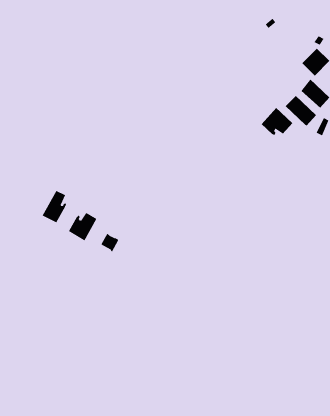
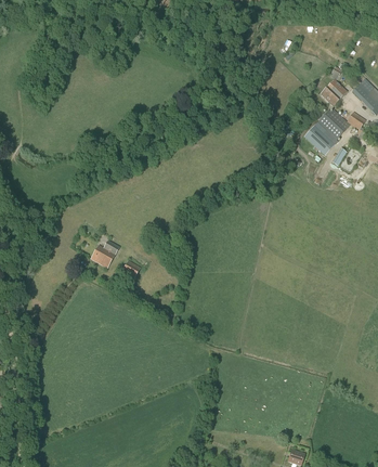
building: [261,107,293,136] -> none
building: [42,190,67,223] -> none

